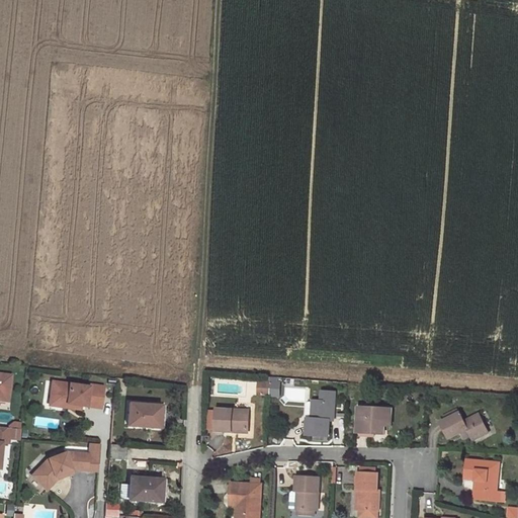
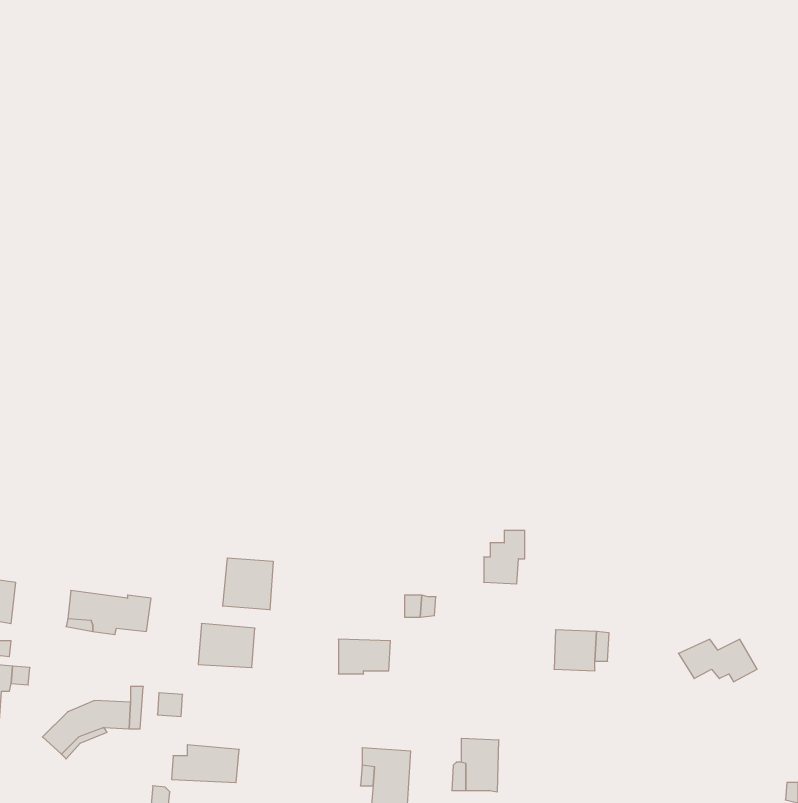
building: none -> [223,558,273,610]
building: [307,400,333,434] -> [484,530,525,584]
building: [461,456,499,497] -> none
building: [358,470,380,508] -> none

